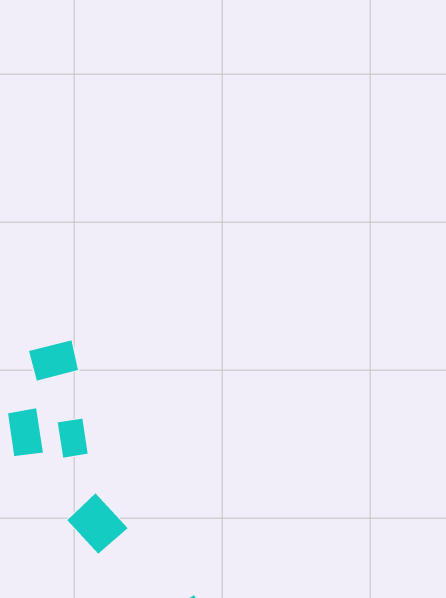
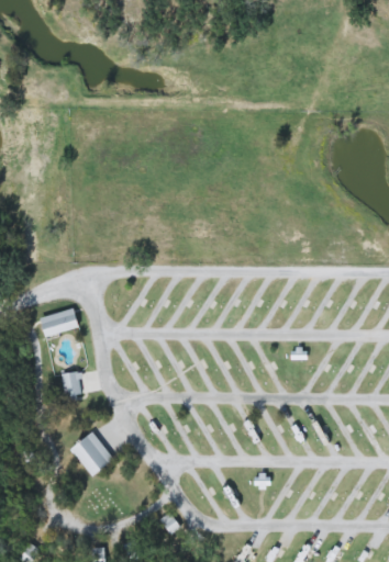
building: [7,408,43,457] -> none

